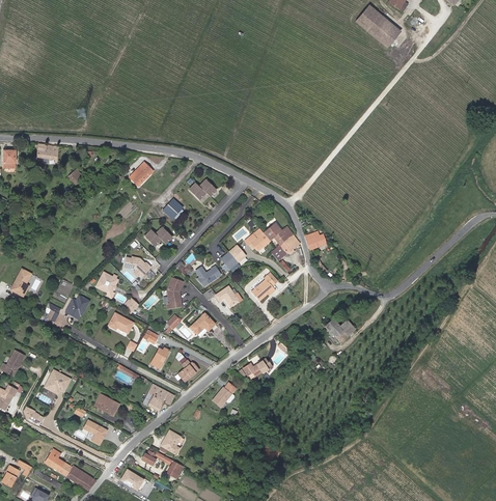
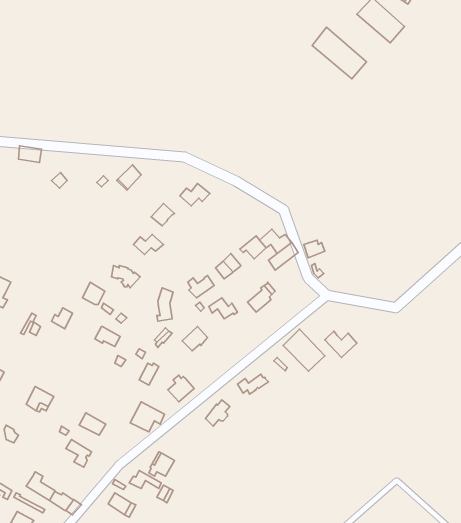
building: none -> [312,27,367,79]
building: none -> [283,329,325,371]

